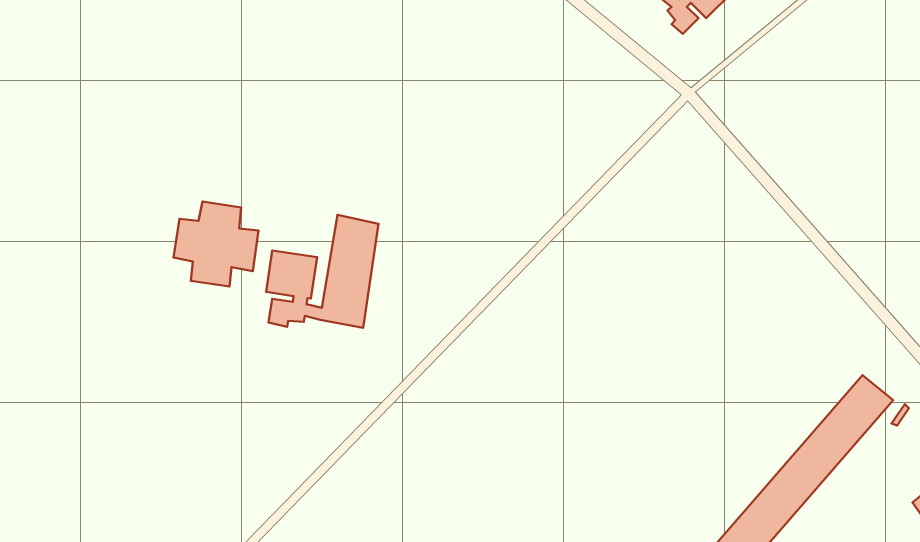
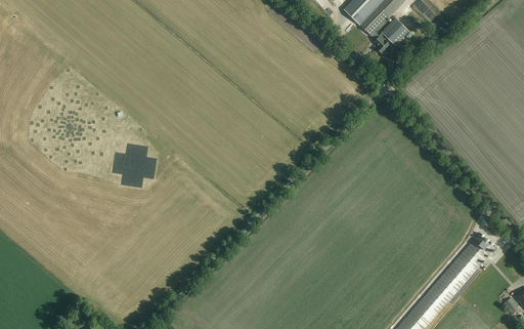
building: [266,215,379,328] -> none

